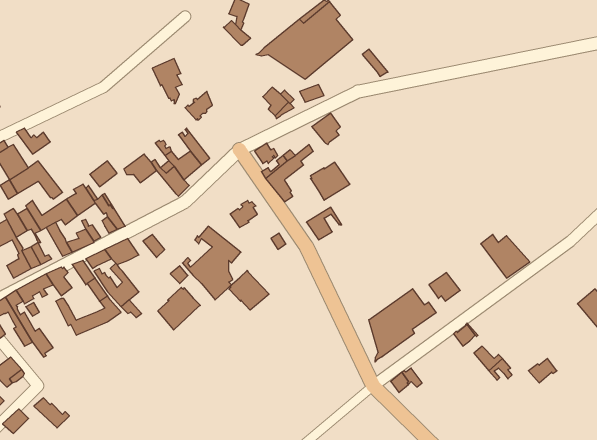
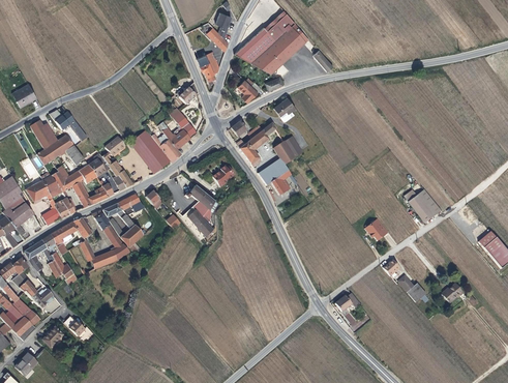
building: [152,59,182,104] -> [197,52,219,86]
building: none -> [133,143,171,173]
building: none -> [258,158,289,185]
building: [229,270,269,310] -> none
building: [158,287,200,330] -> none
building: [369,289,436,362] -> none

